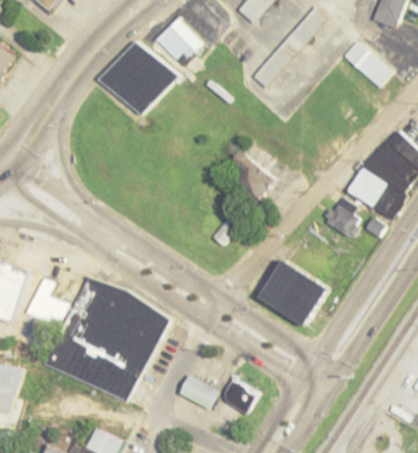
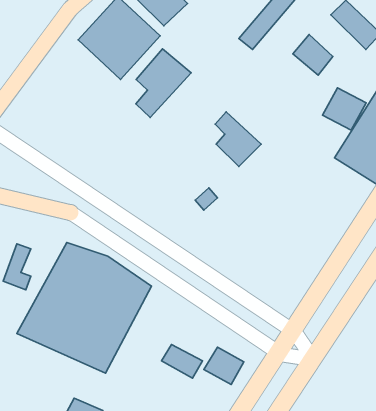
building: none -> [293,35,333,75]
building: none -> [136,49,191,117]
building: [320,196,362,237] -> [323,88,366,130]
building: [255,260,323,325] -> none

